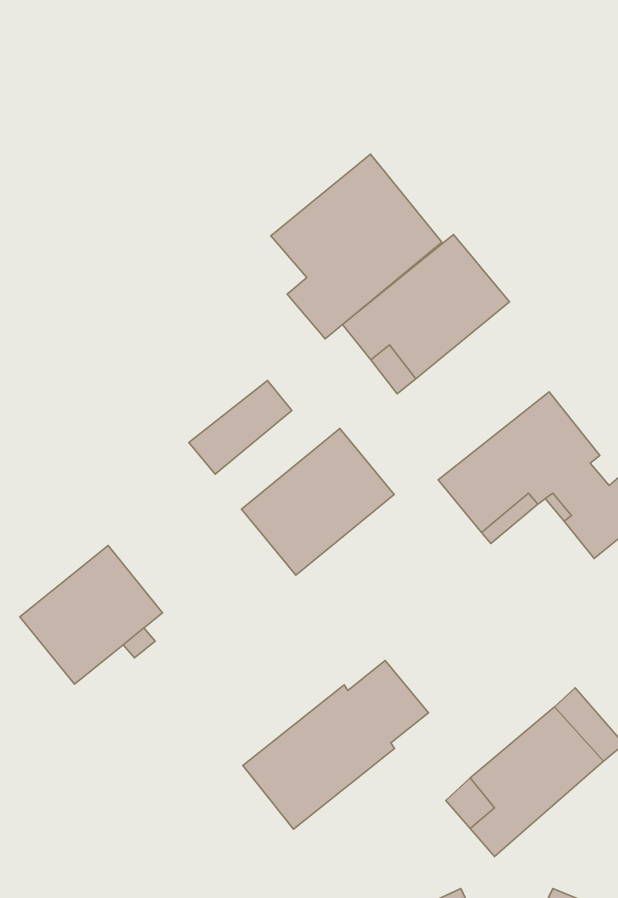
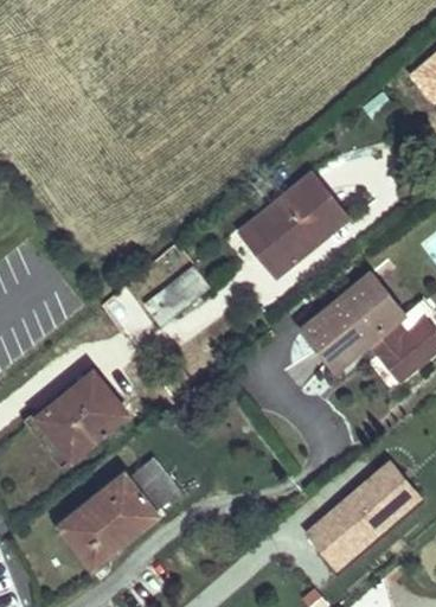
building: [271,154,442,339] -> none
building: [242,429,394,575] -> none
building: [243,660,428,829] -> [60,460,178,567]

